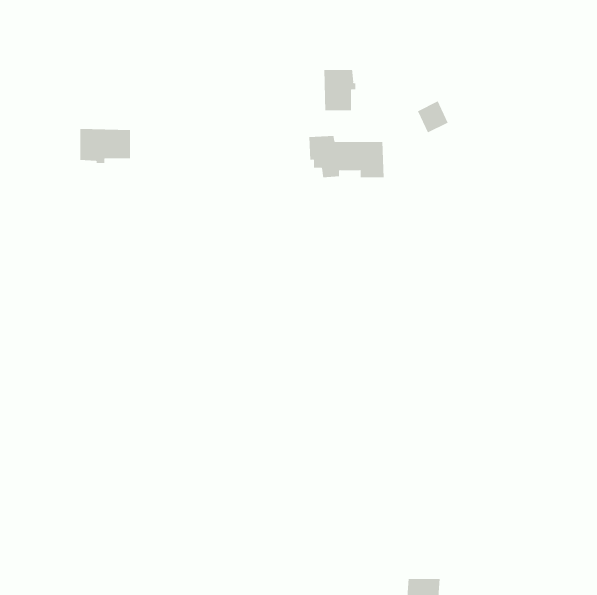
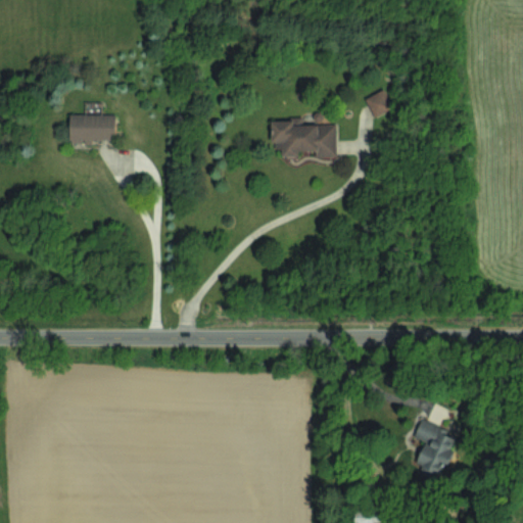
building: [324,69,356,111] -> none
building: none -> [414,419,455,482]

